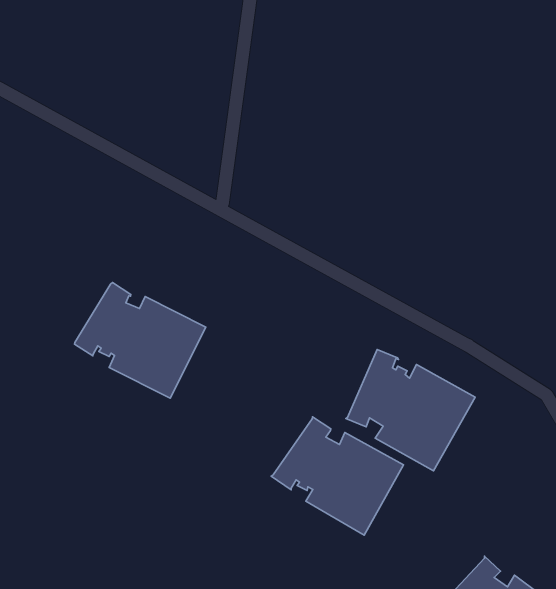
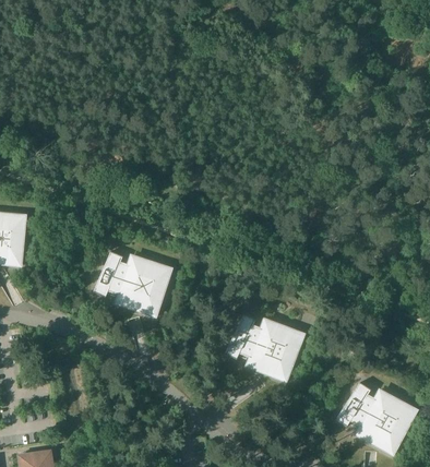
building: [346,350,475,471] -> none

